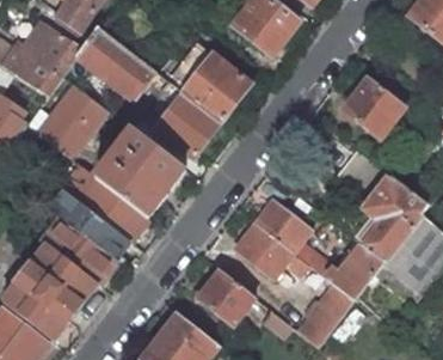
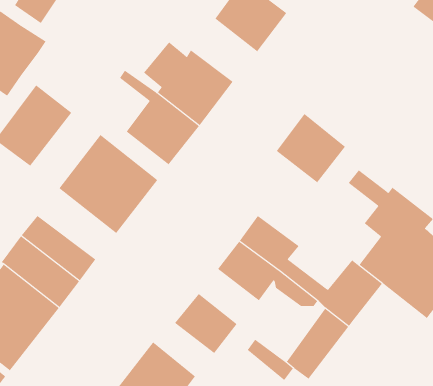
building: [76,26,153,98] -> none
building: [343,75,405,138] -> [276,113,346,183]
building: [75,176,146,239] -> none

